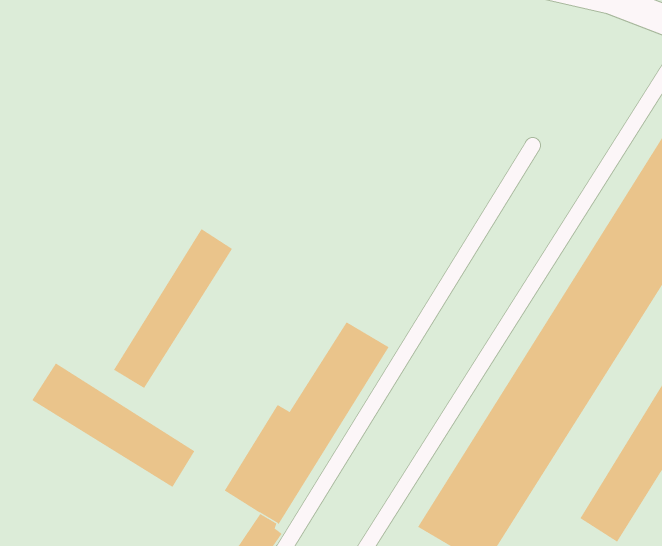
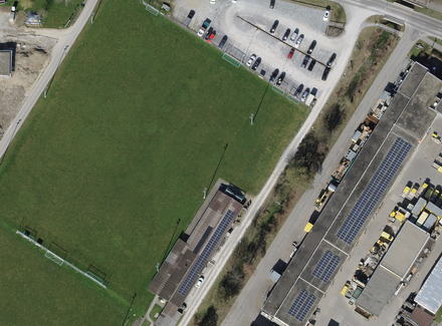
building: [113,228,233,389] -> none
building: [32,362,195,488] -> none

